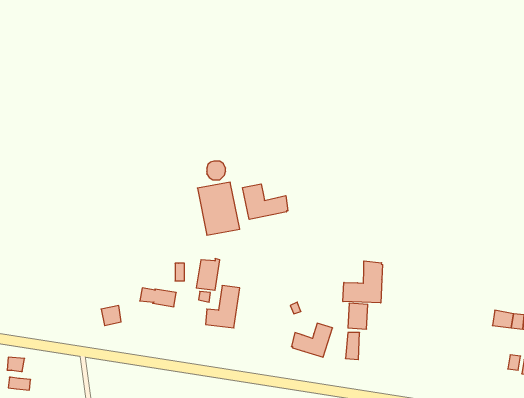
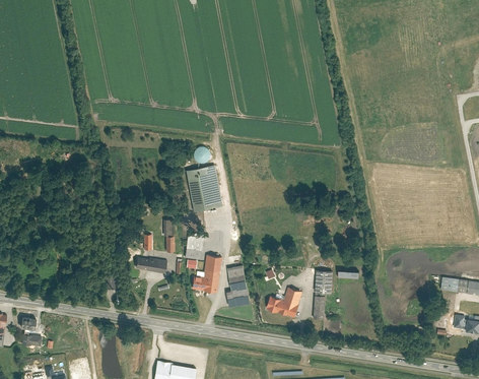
building: [243,184,288,219] -> none
building: [343,261,383,303] -> none
building: none -> [226,265,250,307]

